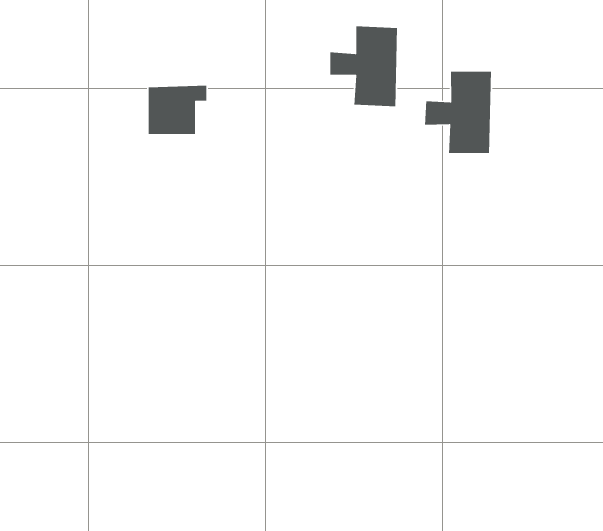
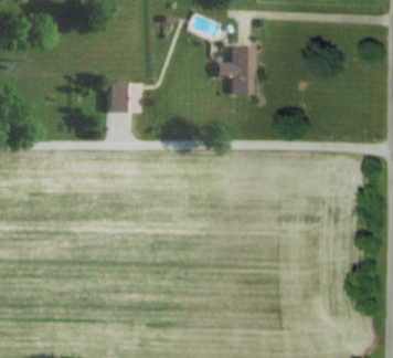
building: [424,71,492,154] -> none

